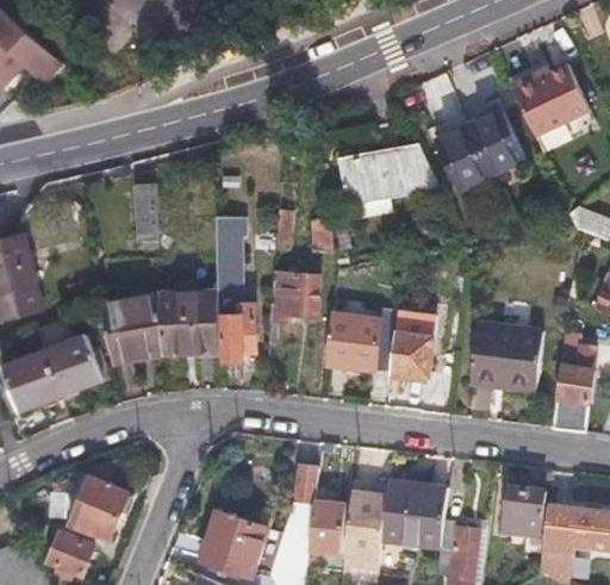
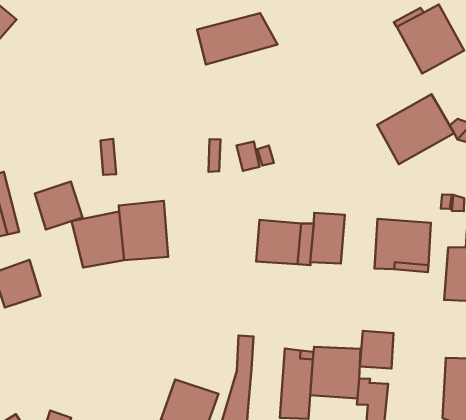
building: [434,110,527,192] -> [377,94,454,164]
building: [341,149,437,207] -> [197,13,278,65]
building: [217,218,259,363] -> none
building: [267,278,322,344] -> none
building: [51,337,107,393] -> [35,182,83,229]
building: [75,454,131,531] -> none
building: [503,484,546,531] -> [360,331,393,369]
building: [305,497,343,550] -> none

